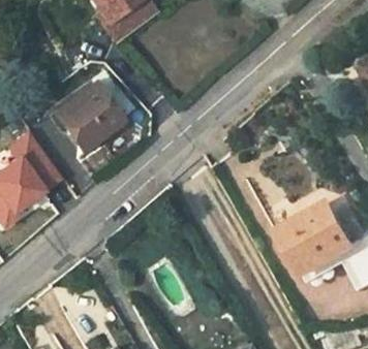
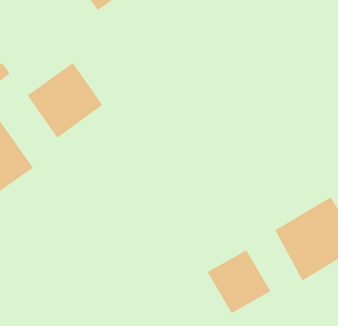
building: none -> [207,249,271,314]

